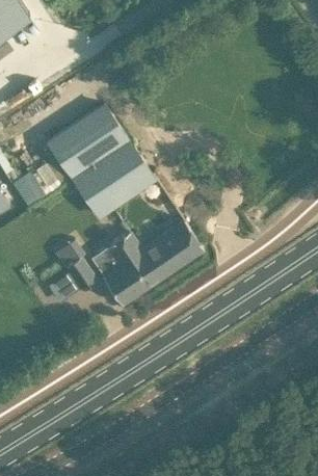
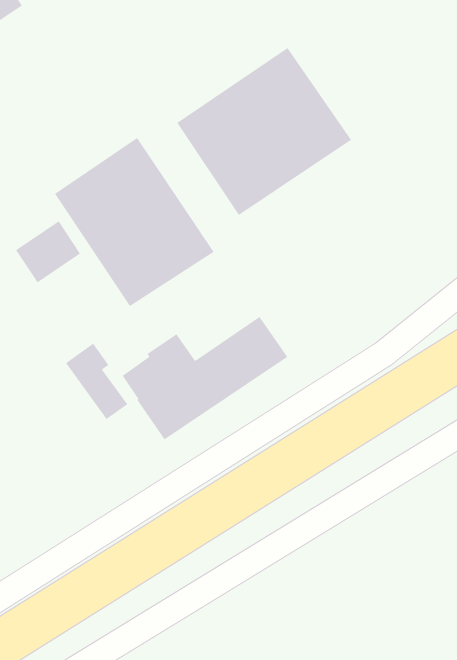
building: none -> [177,47,352,216]

